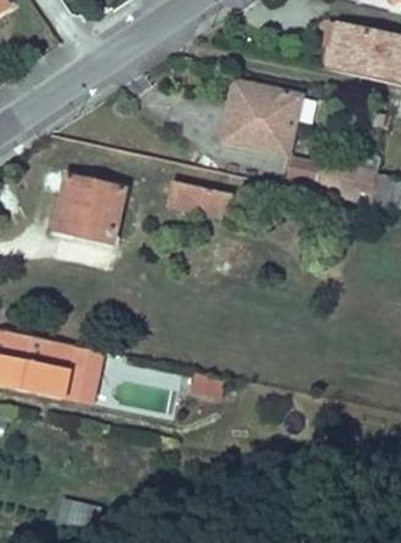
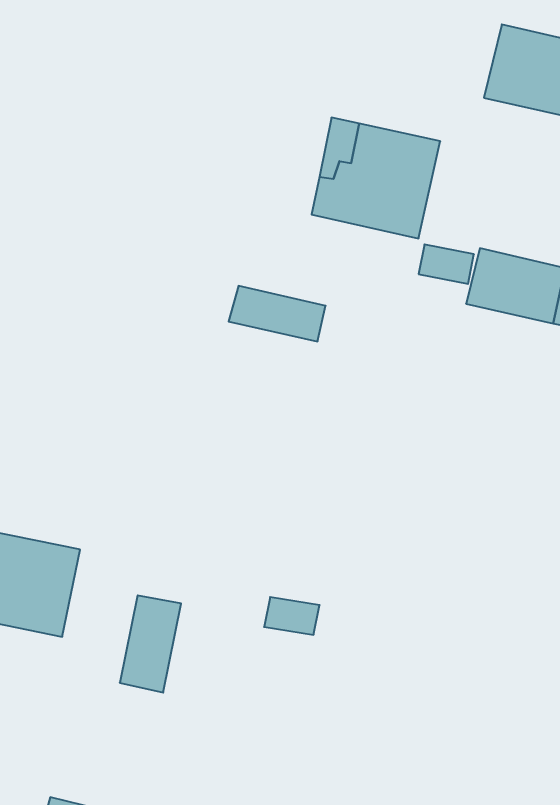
building: [56,176,124,241] -> none
building: [68,344,106,403] -> [120,595,181,693]

